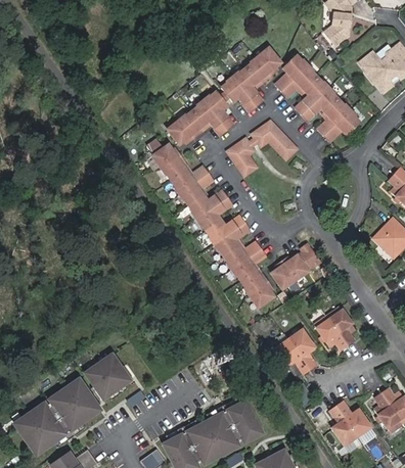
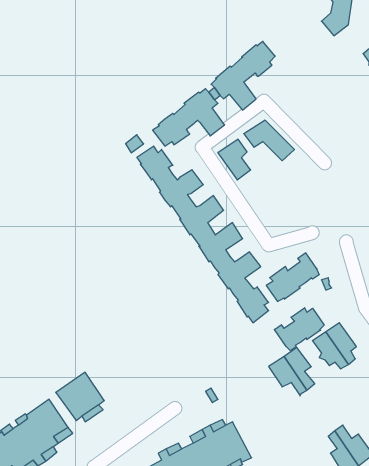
building: [276,58,360,143] -> none
building: none -> [274,308,324,351]

